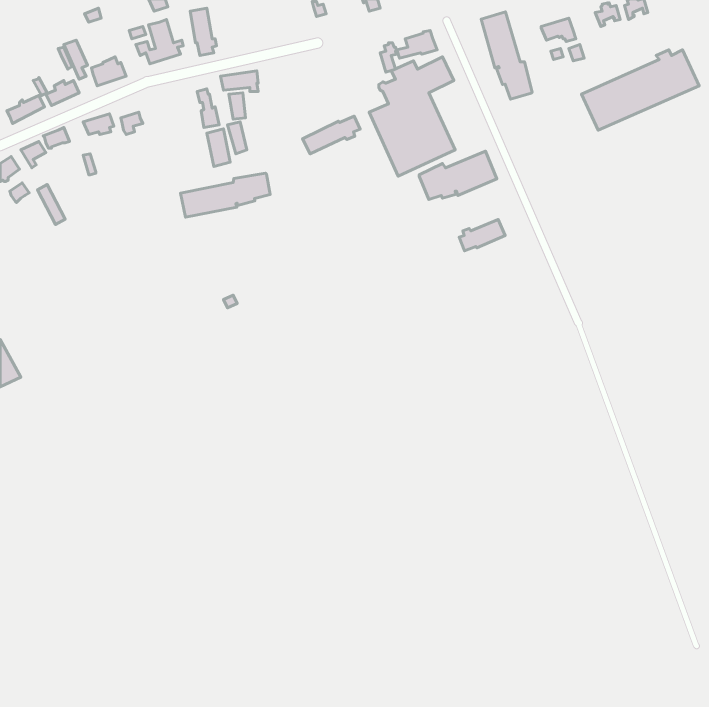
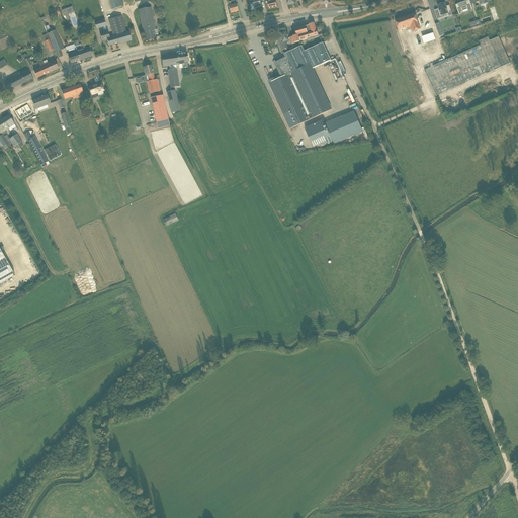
building: [481,12,532,99] -> none
building: [302,116,360,154] -> none
building: [180,173,270,217] -> none
building: [459,219,505,251] -> none

